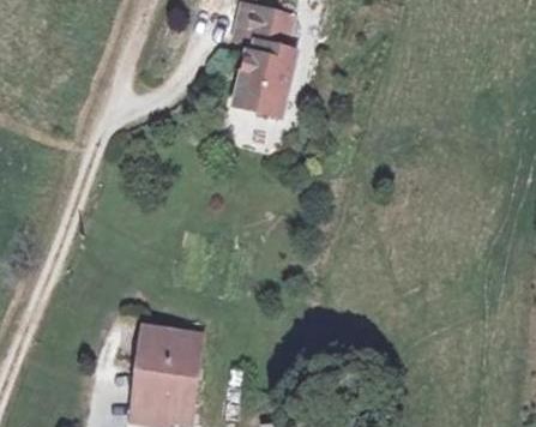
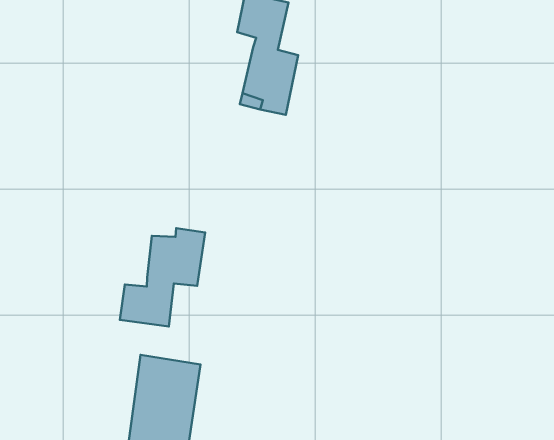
building: none -> [120,228,205,326]

